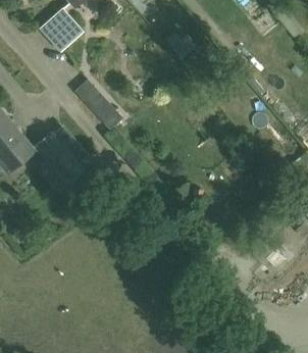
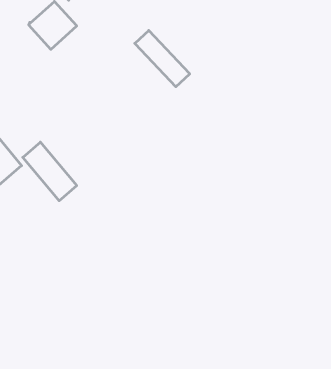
building: [74,80,122,129] -> [135,30,190,87]

